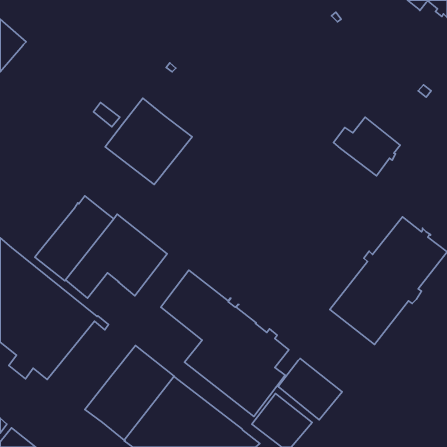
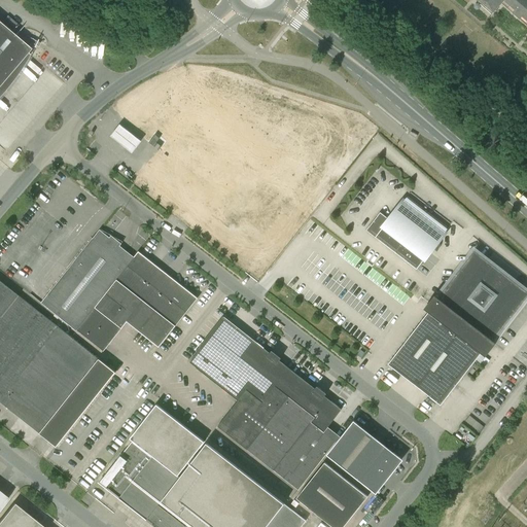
building: [105,98,192,185] -> none
building: [334,117,400,176] -> [366,201,445,270]

